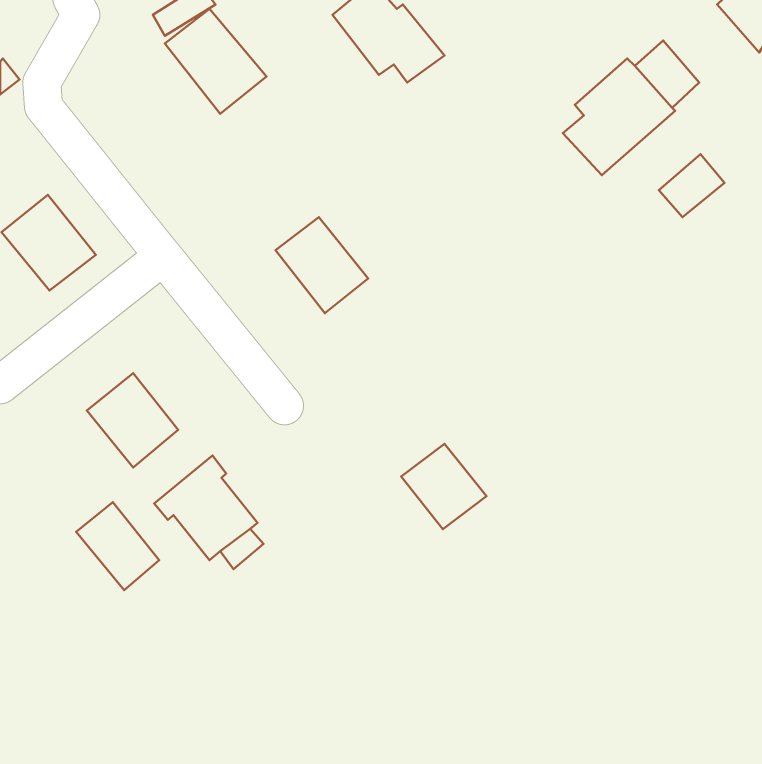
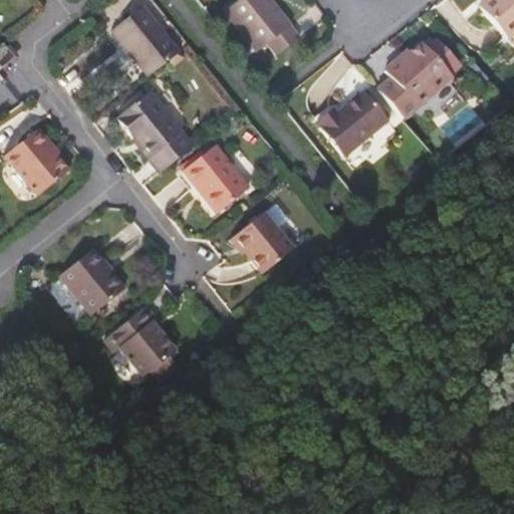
building: none -> [317,89,387,156]
building: none -> [119,91,195,171]
building: [401,444,486,529] -> [236,213,293,270]
building: [76,502,159,590] -> none

